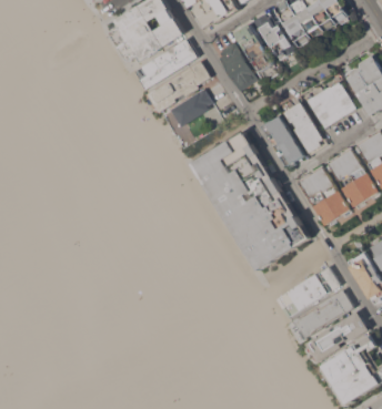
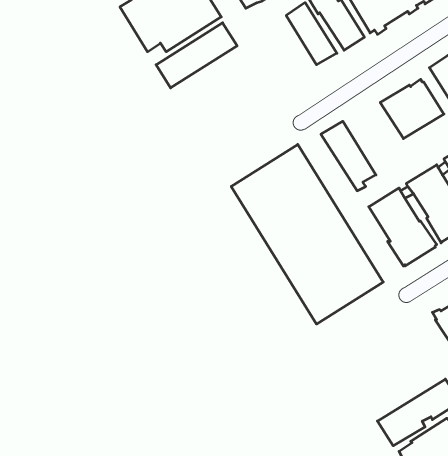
building: [218,42,257,91] -> none
building: [148,61,210,112] -> none
building: [170,90,212,126] -> none
building: [281,101,325,155] -> none
building: [277,266,339,317] -> none
building: [291,289,353,339] -> none

